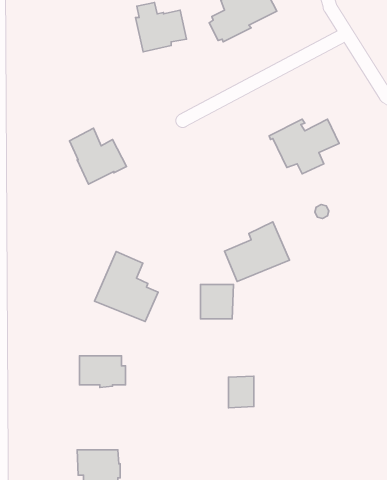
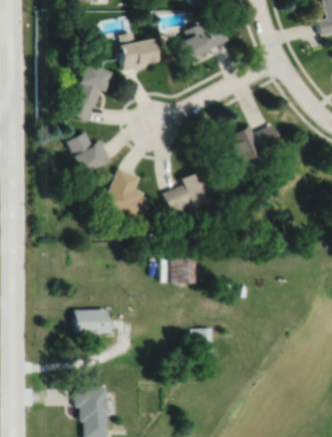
building: none -> [68,63,112,121]
building: [225,222,289,282] -> [163,170,215,217]
building: [94,252,158,321] -> [102,168,152,224]

